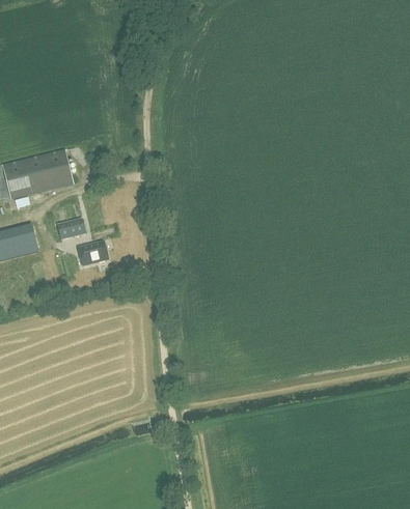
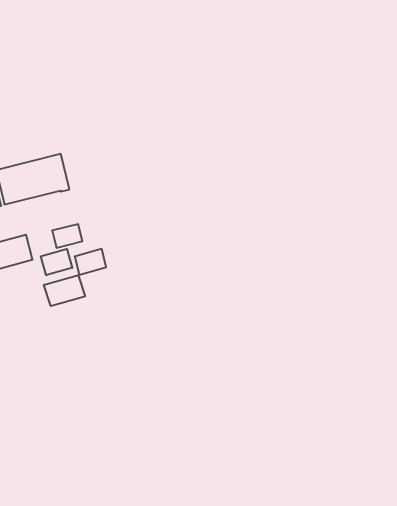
building: none -> [41,249,72,275]
building: none -> [44,275,85,306]

